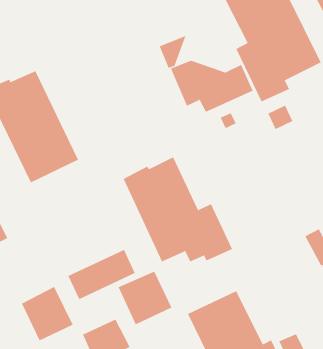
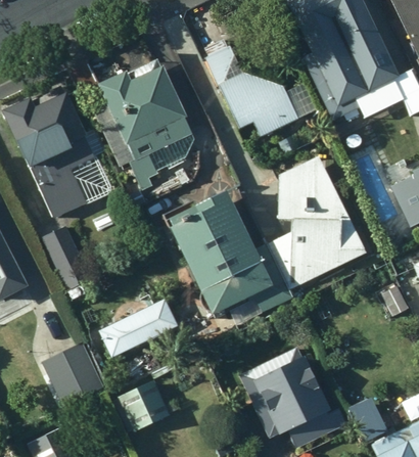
building: none -> [73,57,197,190]
building: none -> [270,155,366,290]
building: none -> [43,226,93,290]
building: [118,271,172,325] -> none

